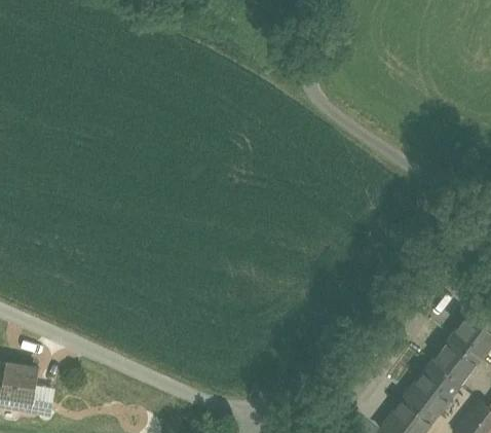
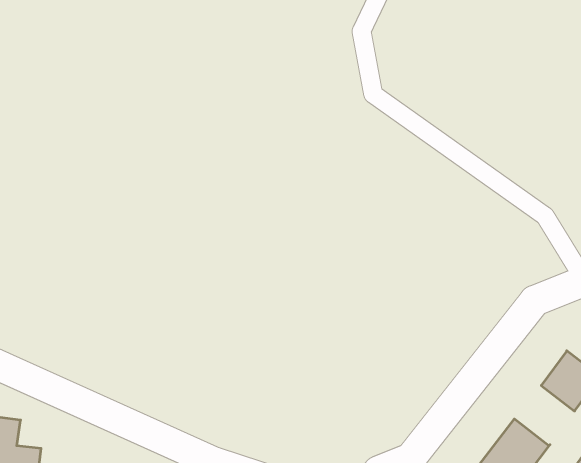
building: [432,337,481,386] -> none

